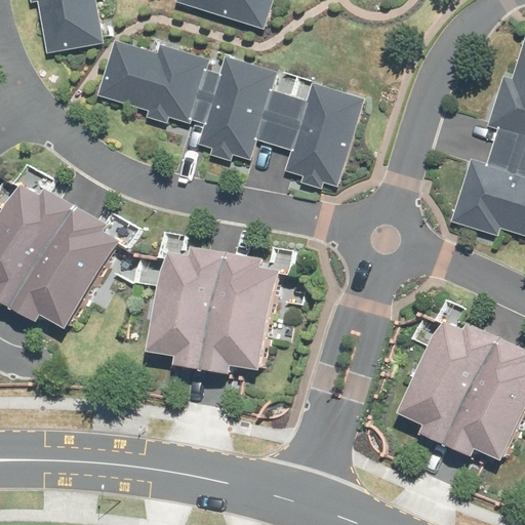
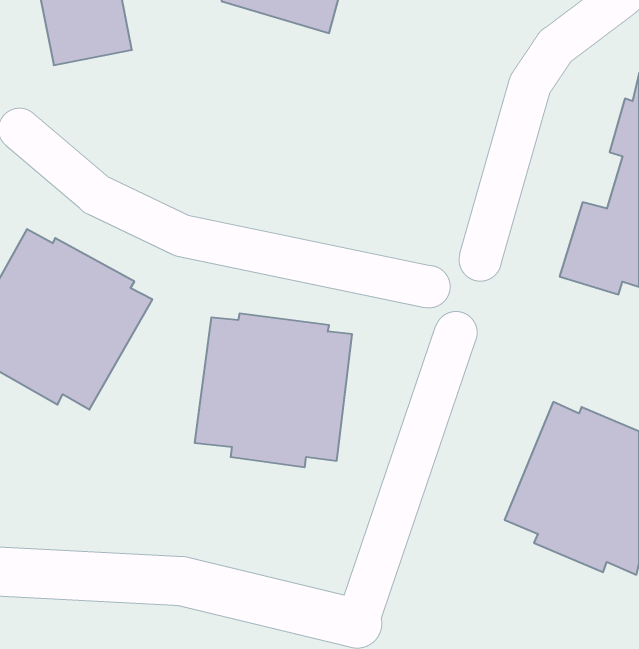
building: [97,41,362,190] -> none

